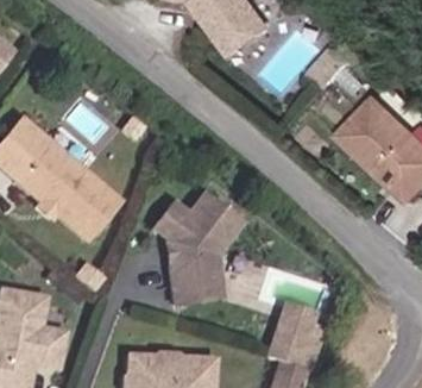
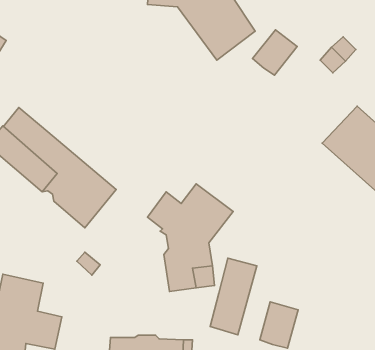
building: none -> [253,30,297,75]
building: none -> [210,258,257,335]

